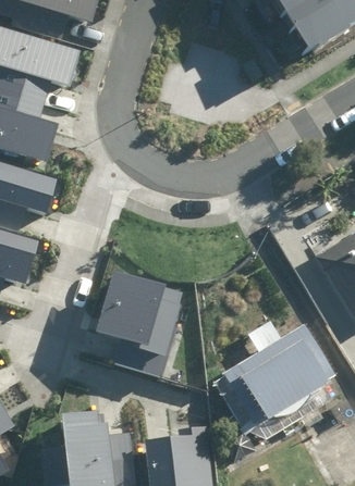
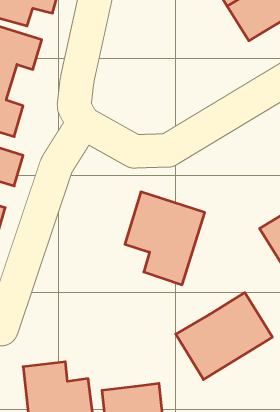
building: [94,269,182,371] -> [125,192,205,285]

